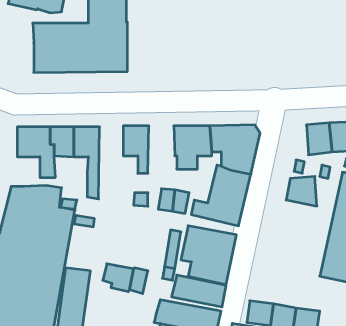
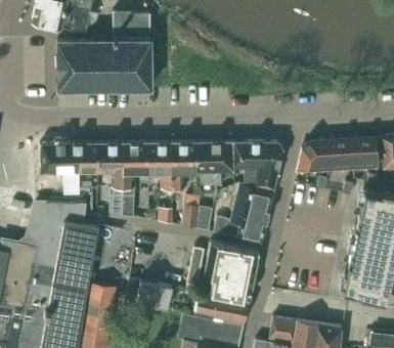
building: none -> [123,143,147,217]
building: none -> [172,143,199,191]
building: [286,176,317,206] -> [301,142,332,172]

